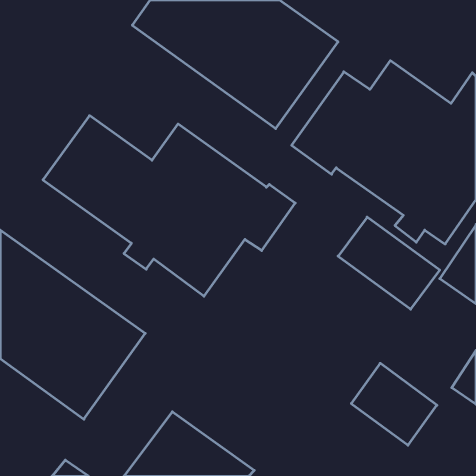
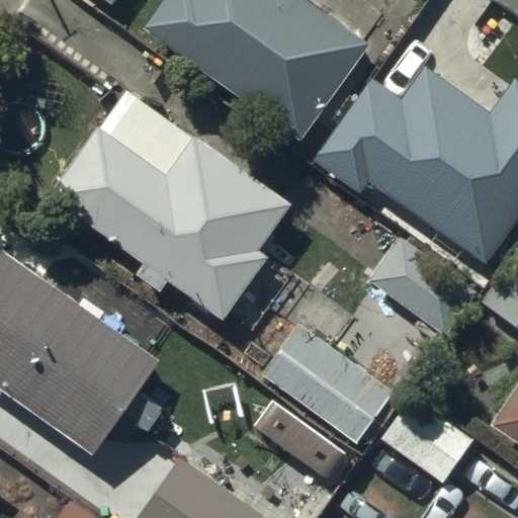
building: none -> [261,324,393,442]

